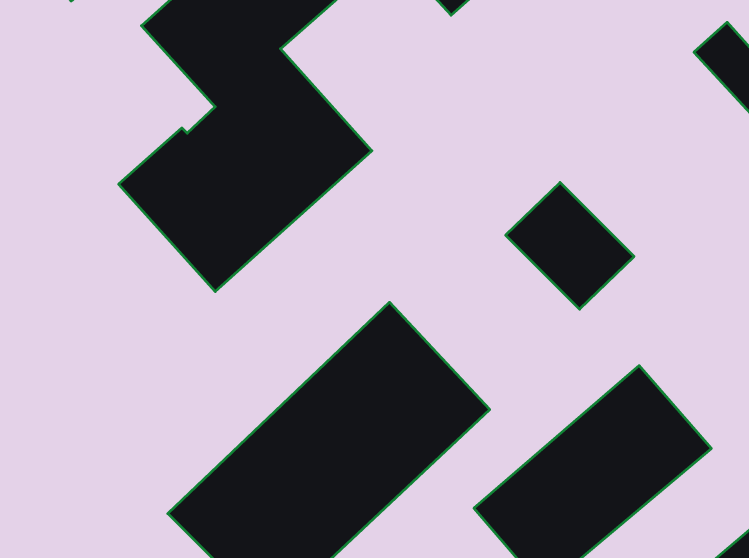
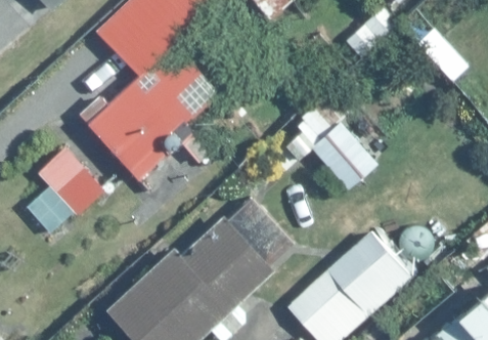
building: none -> [24,145,102,232]

